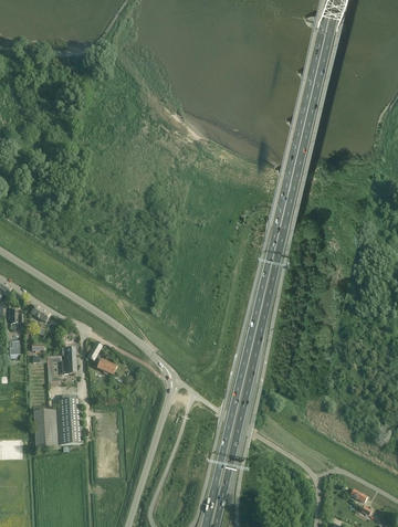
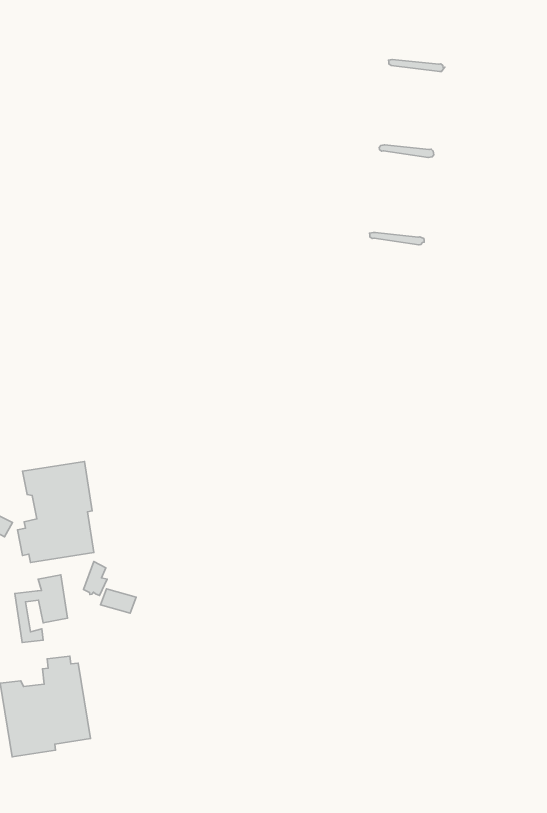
building: none -> [18,462,94,563]

